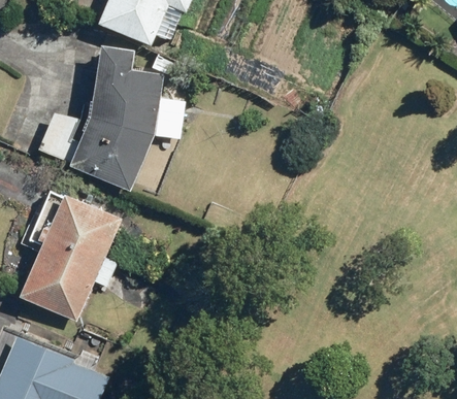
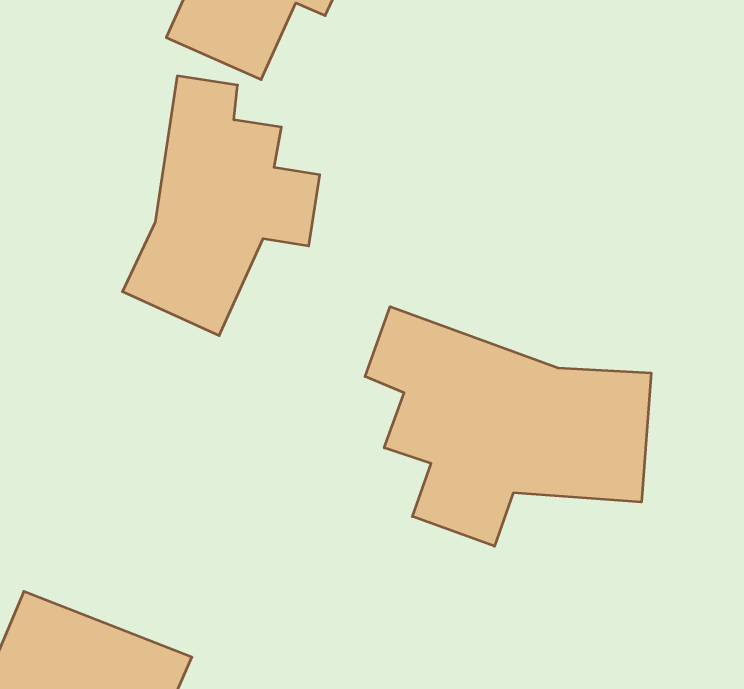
building: none -> [365,307,651,546]
building: [15,189,119,322] -> none

